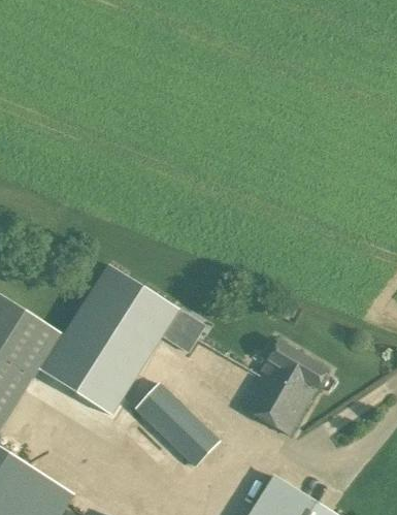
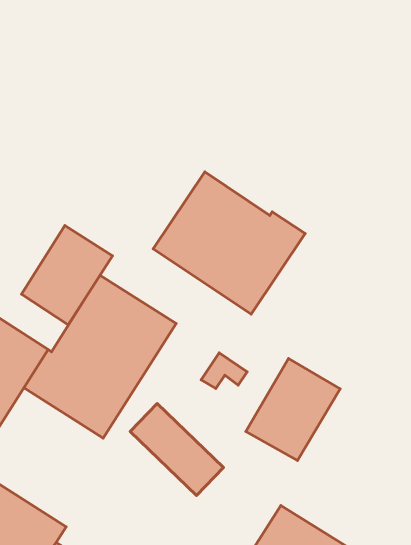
building: none -> [153,172,305,314]
building: none -> [22,225,112,325]
building: [162,311,204,344] -> [201,353,247,389]

